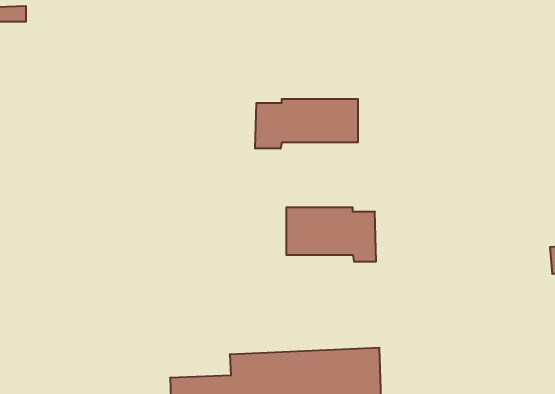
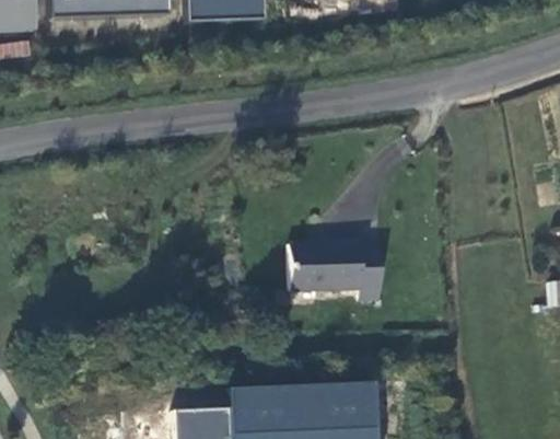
building: [255,99,358,149] -> none

